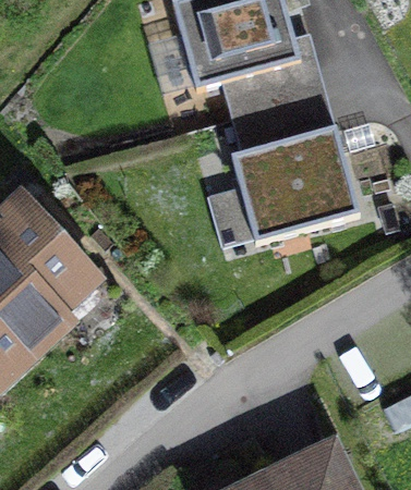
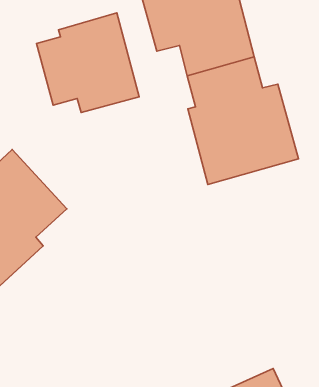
building: none -> [36,13,139,112]

